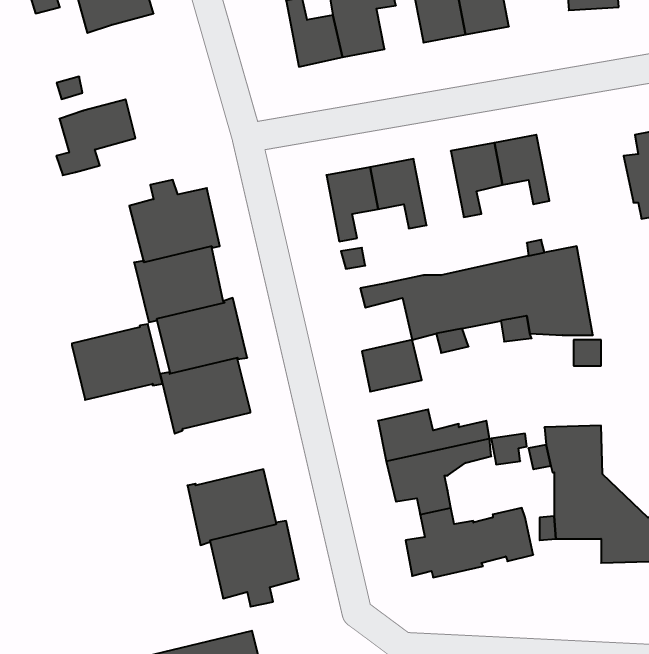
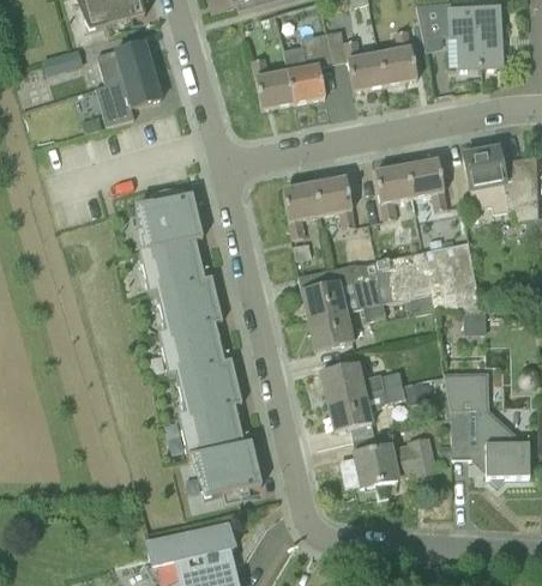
building: [56,99,135,175] -> [102,68,161,125]
building: none -> [463,146,510,212]
building: none -> [301,279,345,319]
building: [72,324,162,400] -> [175,362,242,418]

